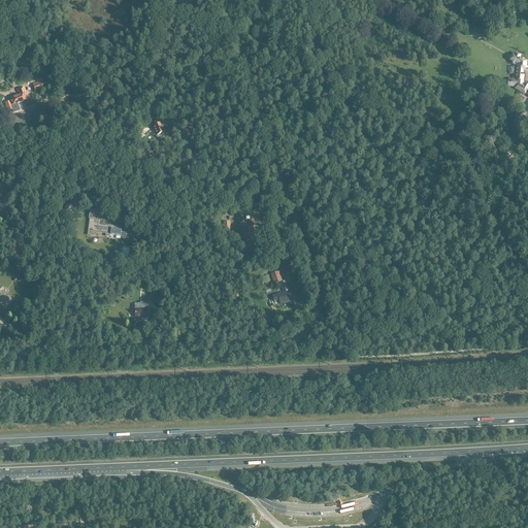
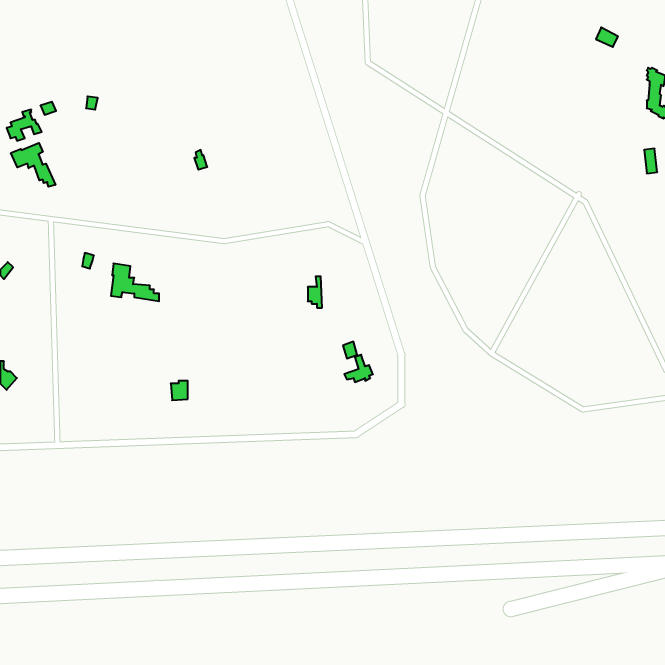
building: none -> [11,143,55,187]

